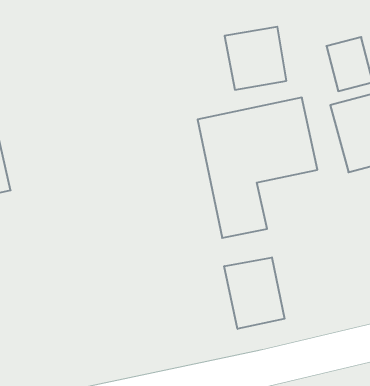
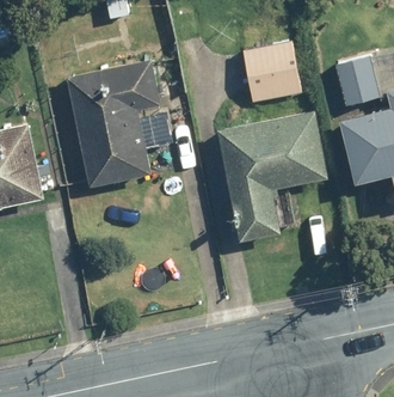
building: none -> [66,59,160,187]
building: [224,257,285,329] -> none

